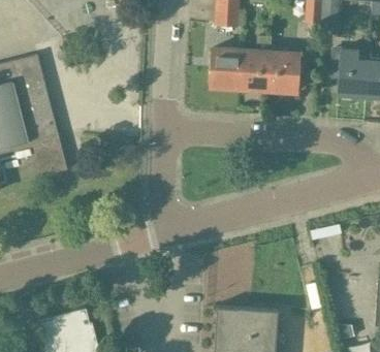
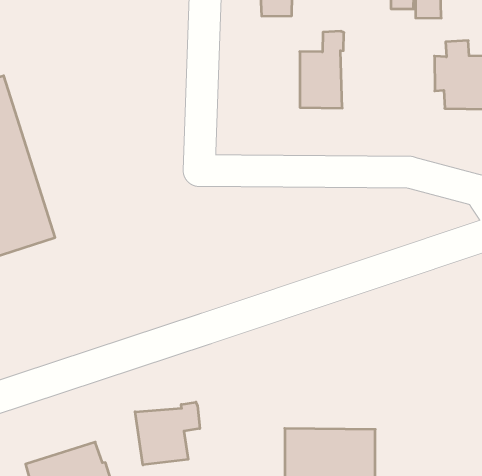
building: [211,47,241,88] -> none
building: [267,51,296,91] -> none
building: none -> [135,402,200,465]

